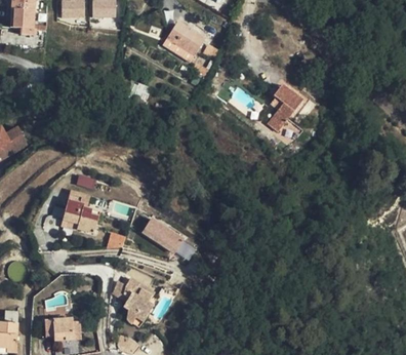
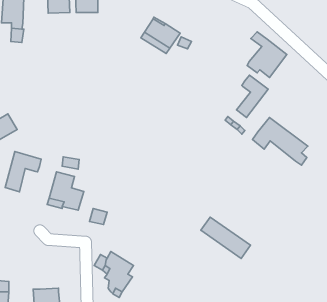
building: none -> [247,32,287,78]
building: none -> [253,117,308,165]
building: none -> [5,152,41,192]
building: [141,215,196,261] -> [201,217,250,258]

